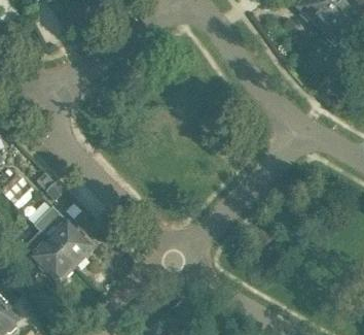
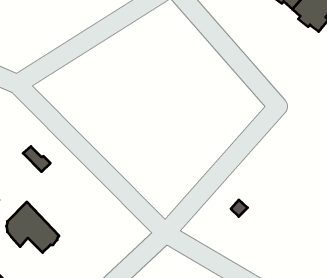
building: [35,203,94,264] -> none

